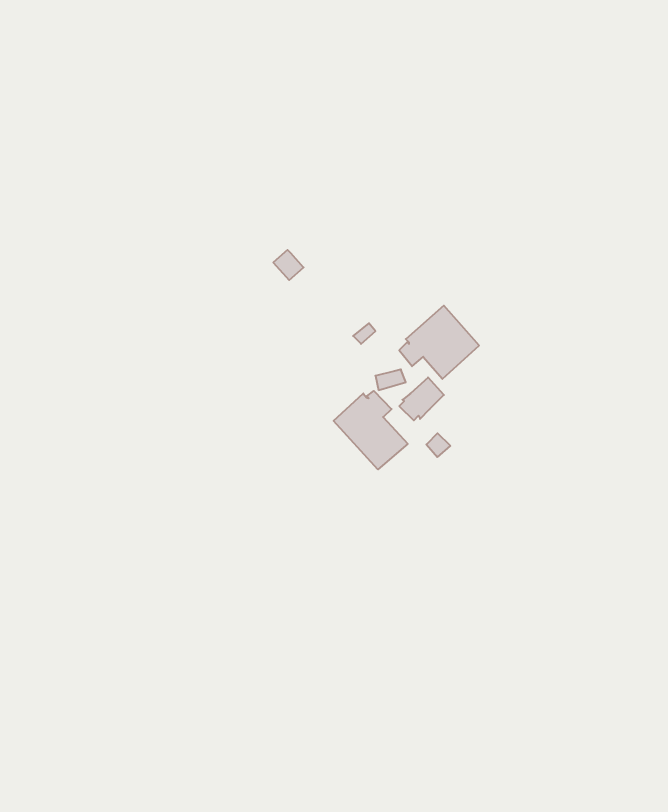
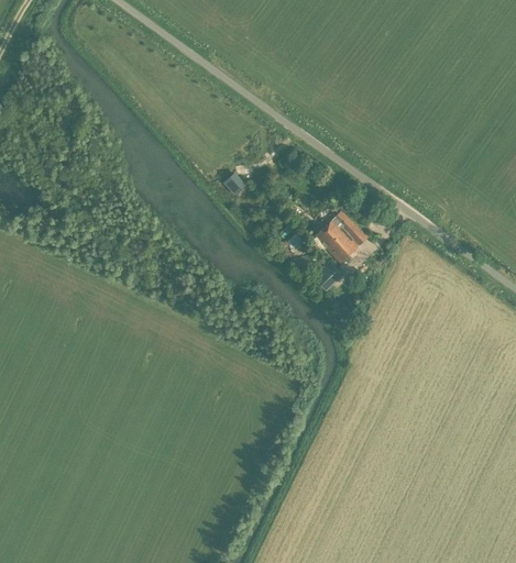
building: [334,391,408,469] -> none

